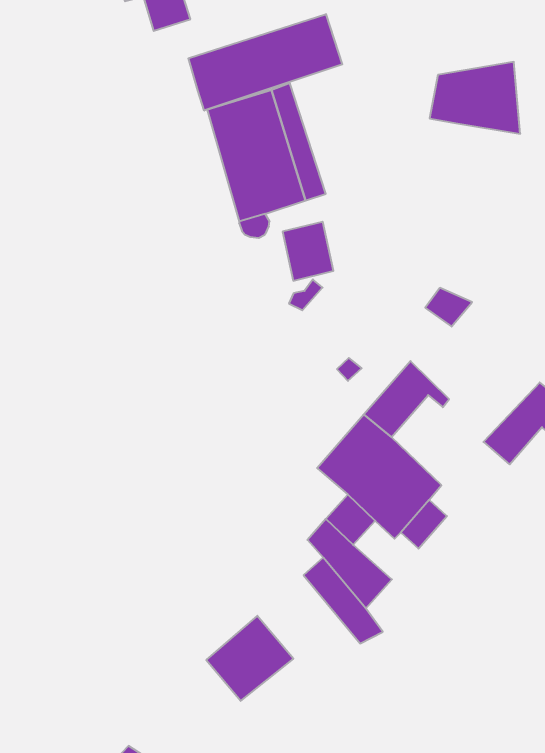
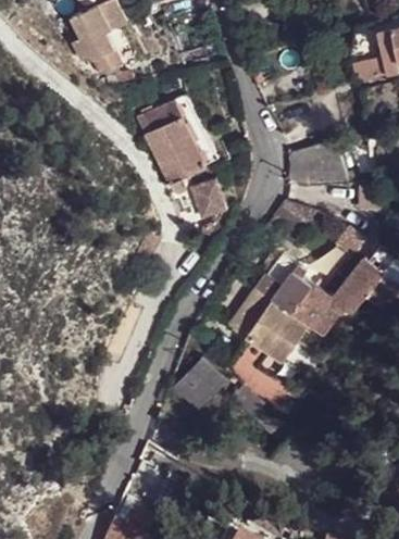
building: [188,14,342,111] -> none
building: [430,62,520,134] -> [288,145,345,188]
building: none -> [272,276,346,339]
building: [206,616,293,701] -> [171,354,224,408]

